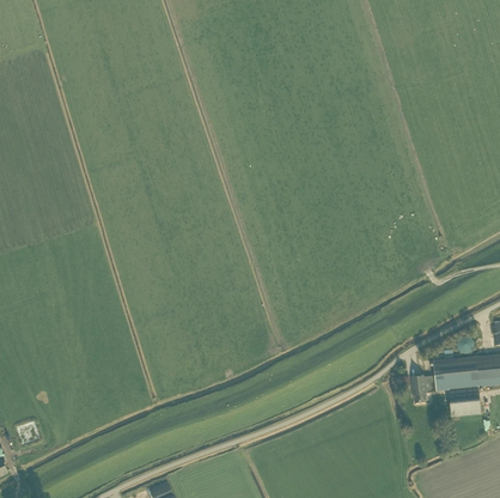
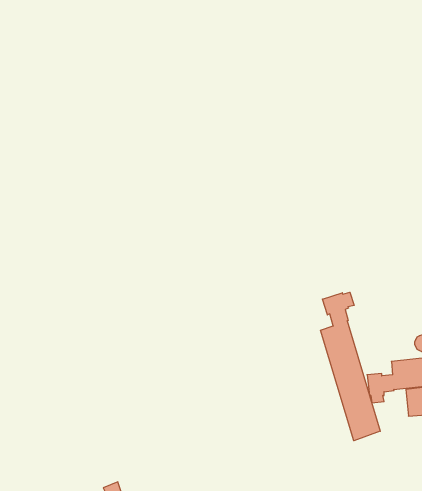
building: none -> [321,292,380,441]

